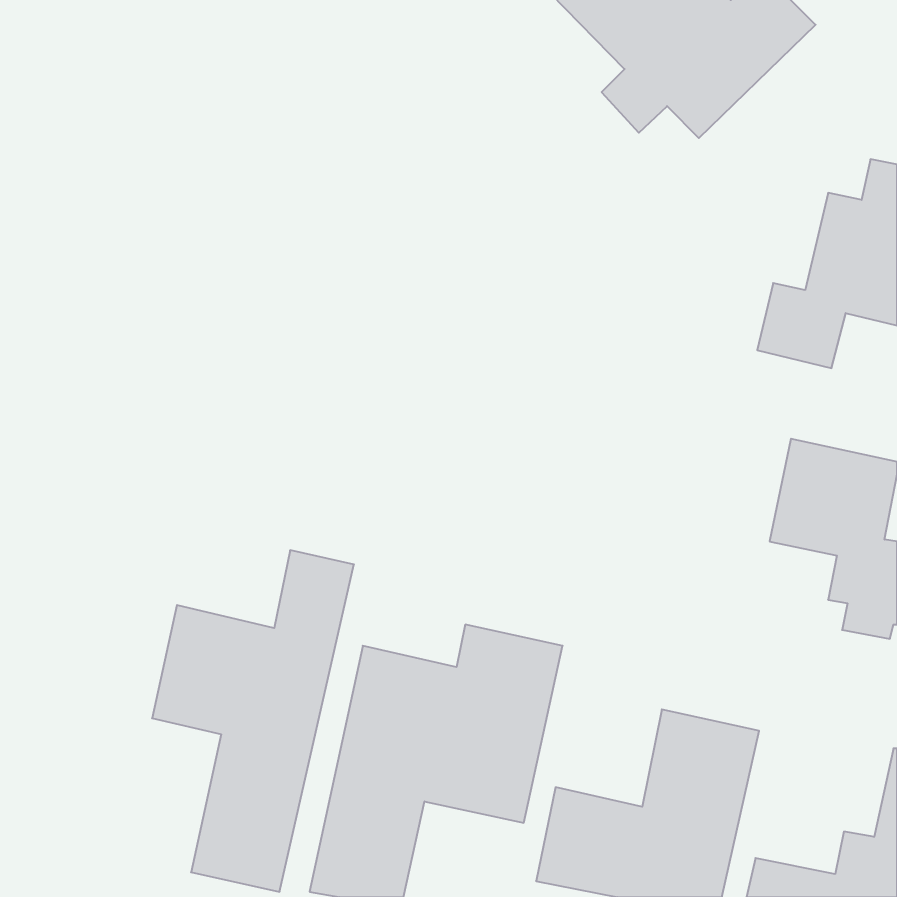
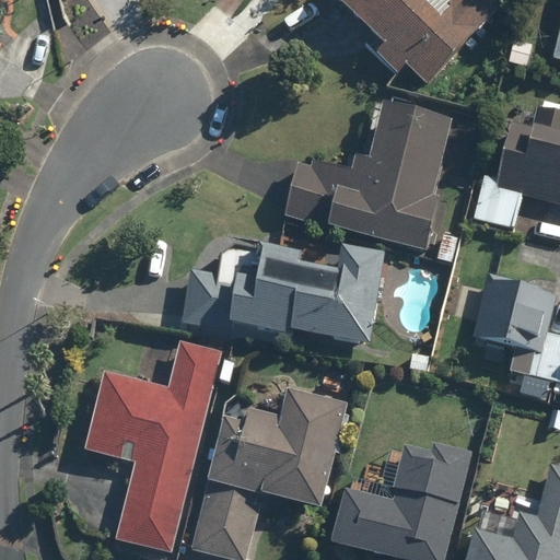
building: none -> [285,98,453,250]
building: none -> [182,244,385,345]

